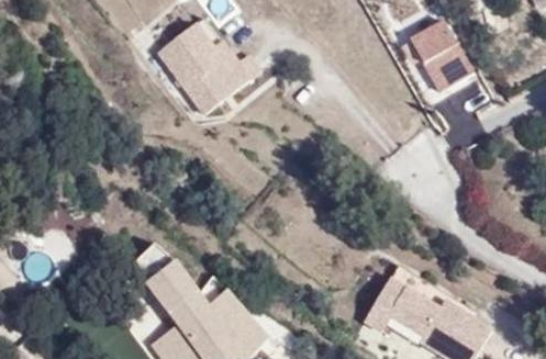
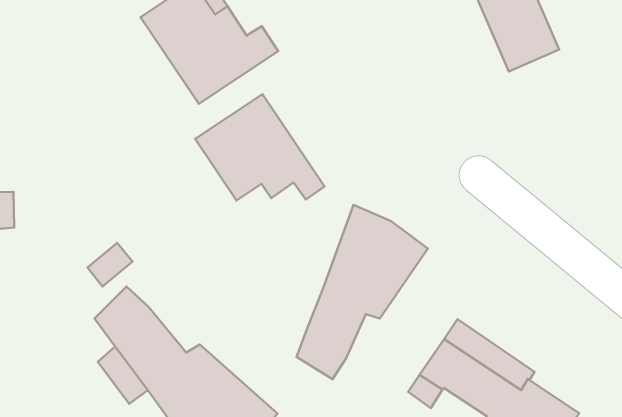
building: none -> [195,94,325,201]
building: none -> [296,205,428,379]

